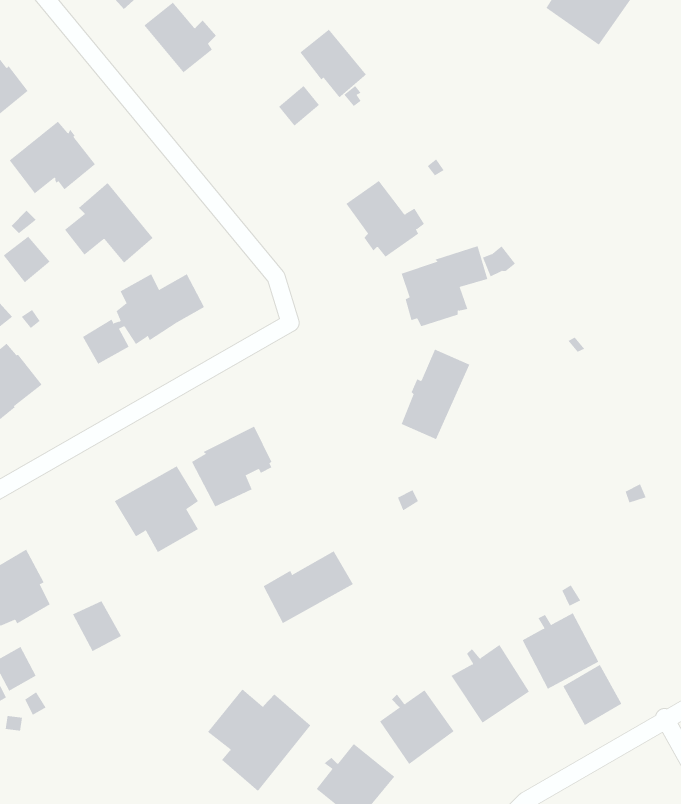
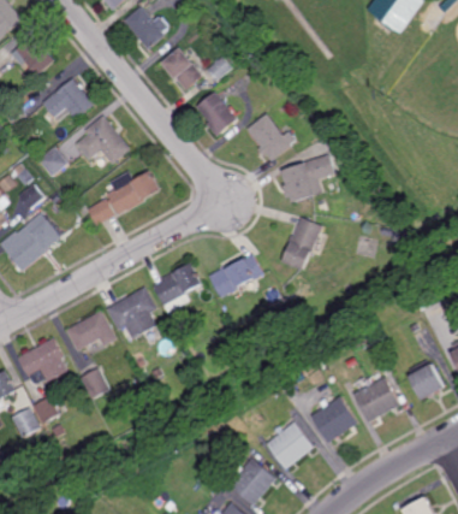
building: [299,29,367,98] -> [161,48,202,90]
building: none -> [196,91,237,136]
building: none -> [66,311,118,351]
building: [263,550,354,624] -> [208,254,263,299]
building: [563,664,622,726] -> [408,365,444,402]
building: [207,689,311,792] -> none

